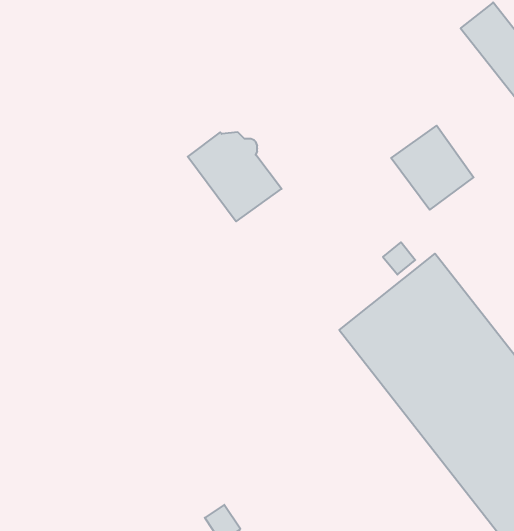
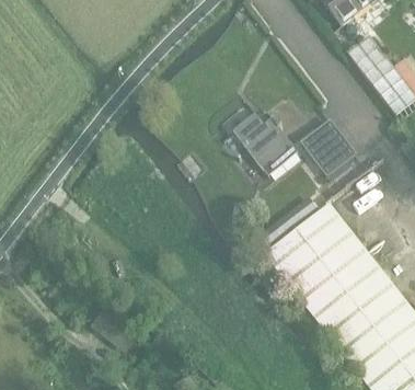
building: [188,132,282,221] -> [232,113,296,173]

